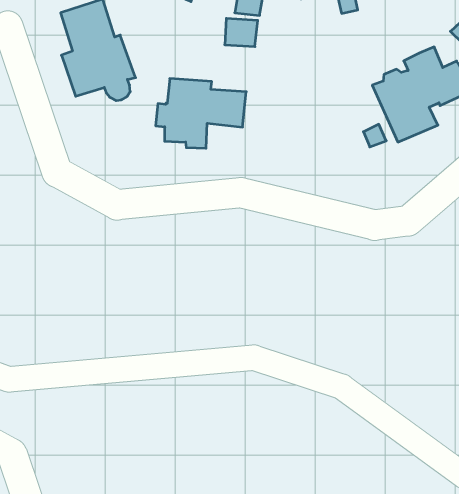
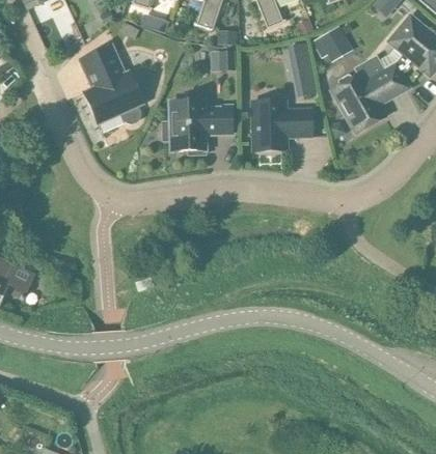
building: none -> [312,25,353,61]
building: none -> [288,40,317,95]
building: none -> [252,100,312,149]

